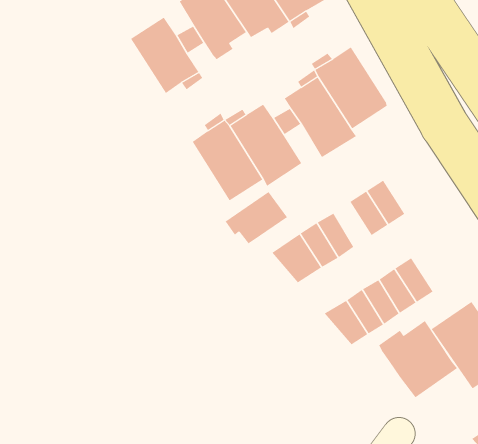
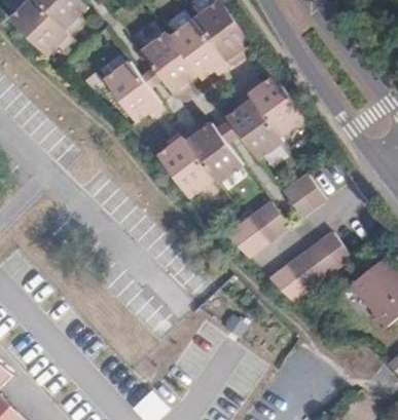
building: [225,191,288,244] -> none
building: [379,320,458,398] -> none

